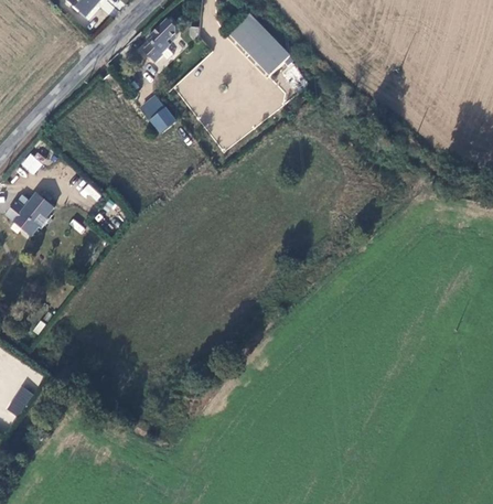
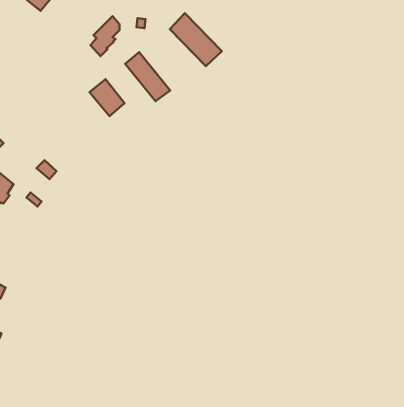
building: none -> [125,52,170,101]

